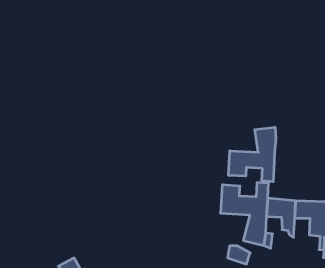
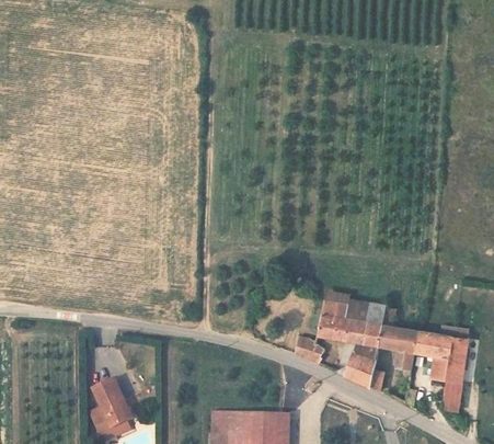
building: [229,127,276,182] -> none
building: [228,246,250,264] -> [295,337,325,363]

